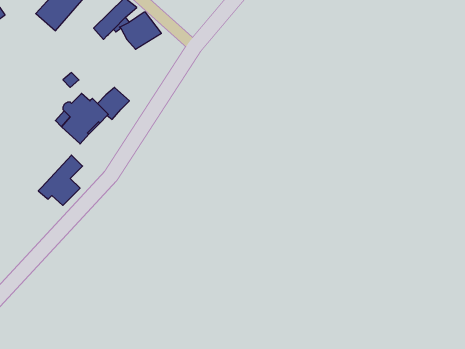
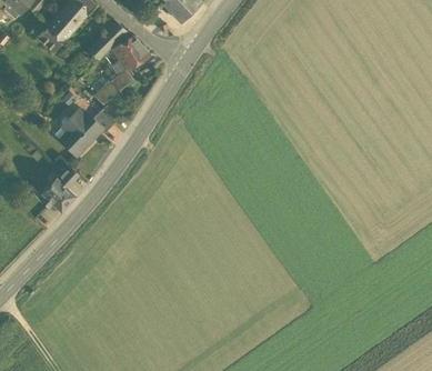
building: none -> [94,60,133,104]

